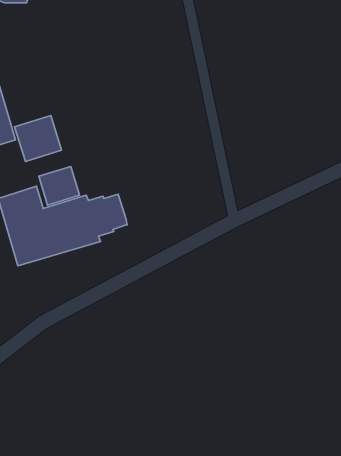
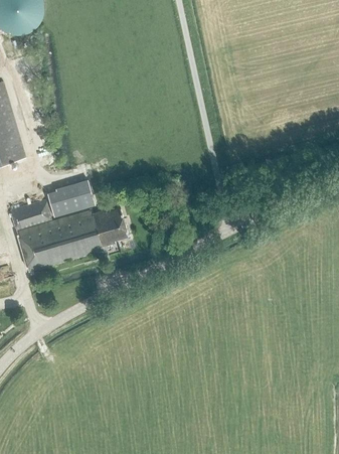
building: [15,116,62,161] -> none

